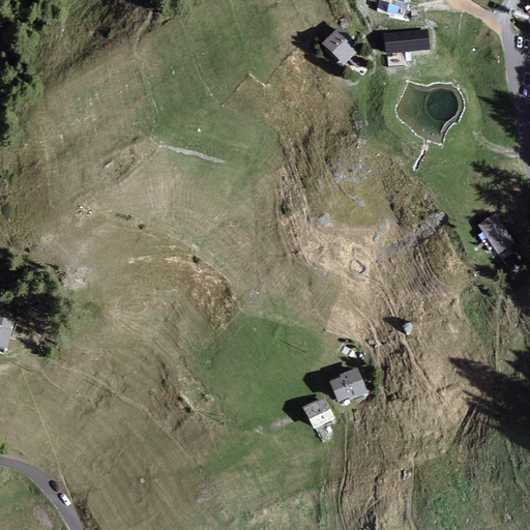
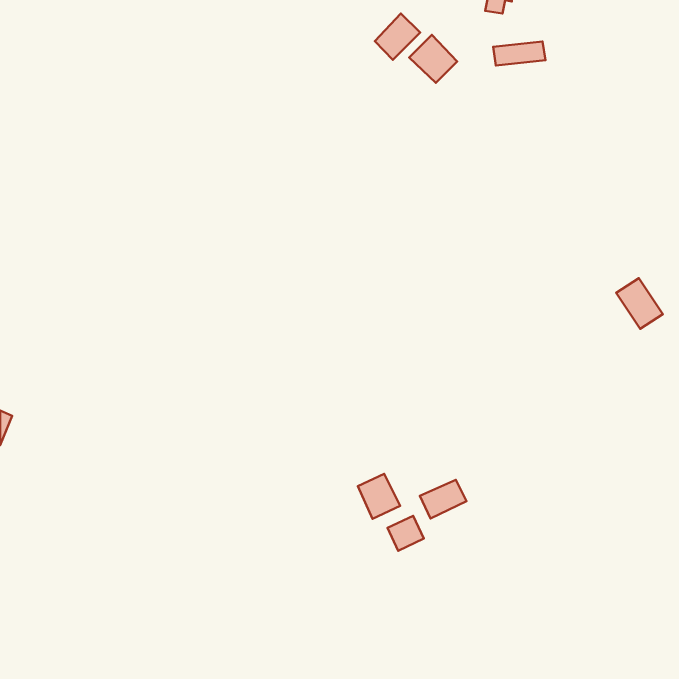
building: none -> [375,13,420,60]
building: none -> [358,474,400,519]

